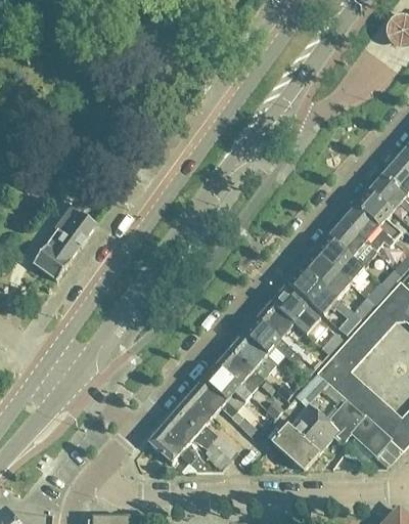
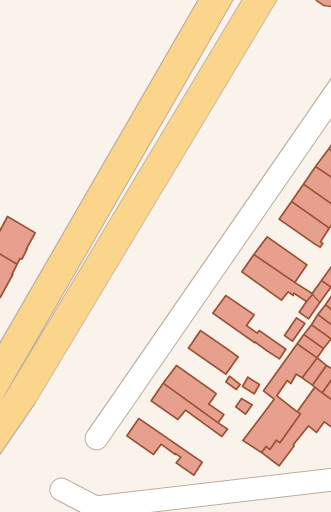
building: [315,236,364,282] -> none
building: [270,287,327,341] -> none
building: [242,318,303,365] -> none
building: [216,349,262,393] -> none
building: [175,395,237,458] -> none
building: [147,426,213,471] -> none

